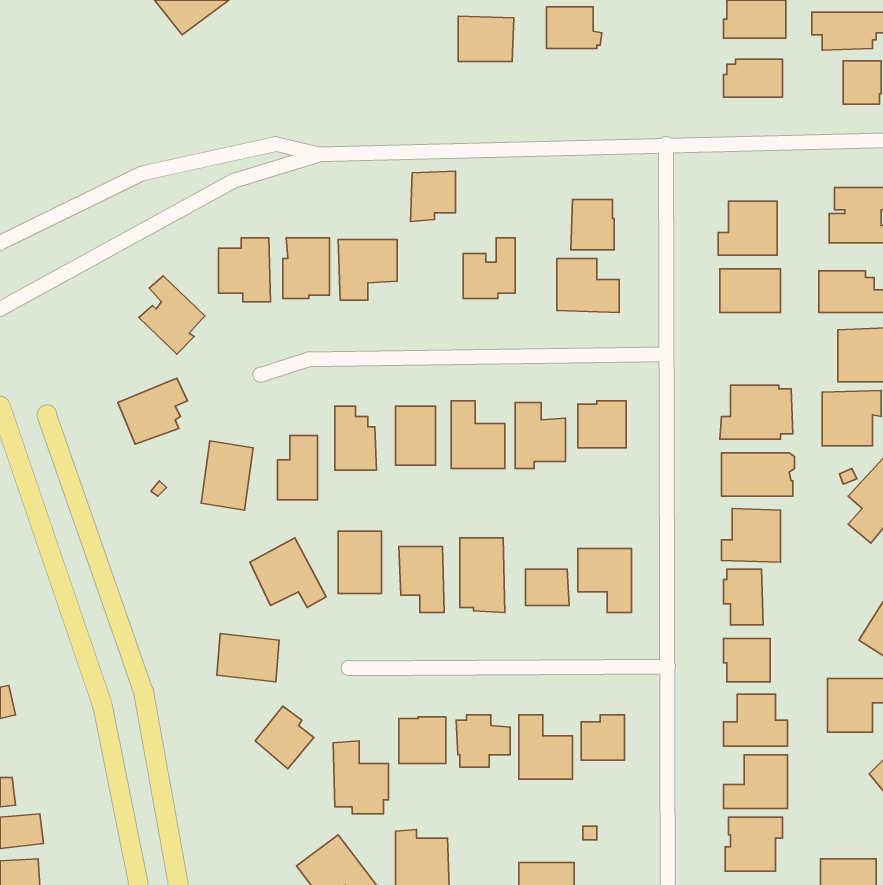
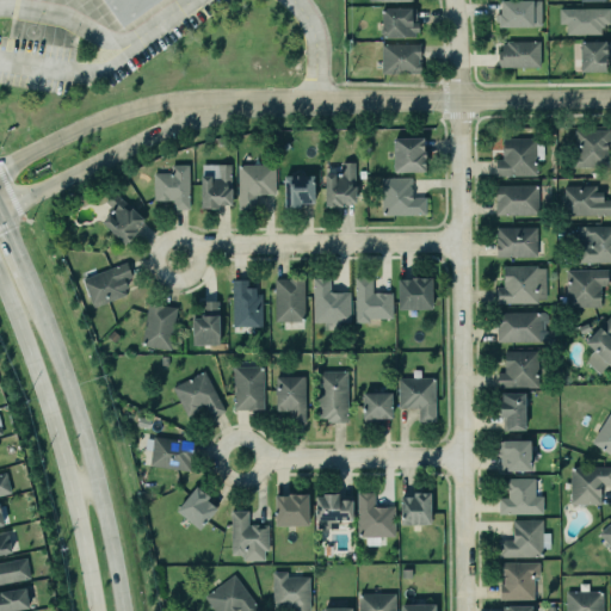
building: [458,16,514,61] -> [382,41,420,72]
building: [410,171,455,221] -> [283,175,314,210]
building: none -> [498,228,538,258]

